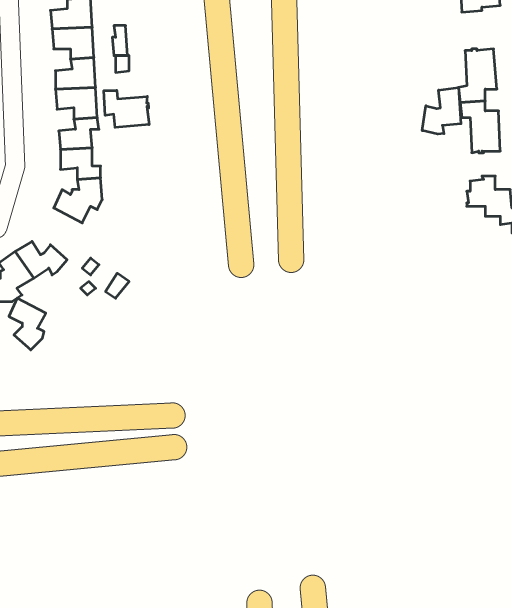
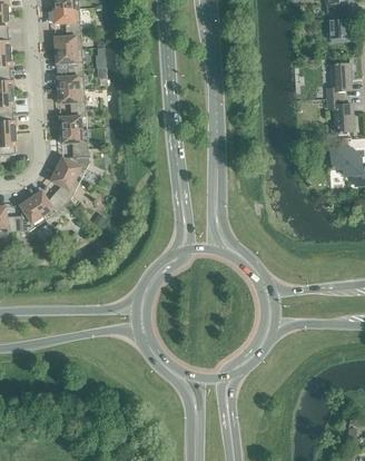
building: [422,87,461,134] -> none
building: [104,90,149,127] -> none
building: [9,298,46,350] -> [50,168,75,203]

